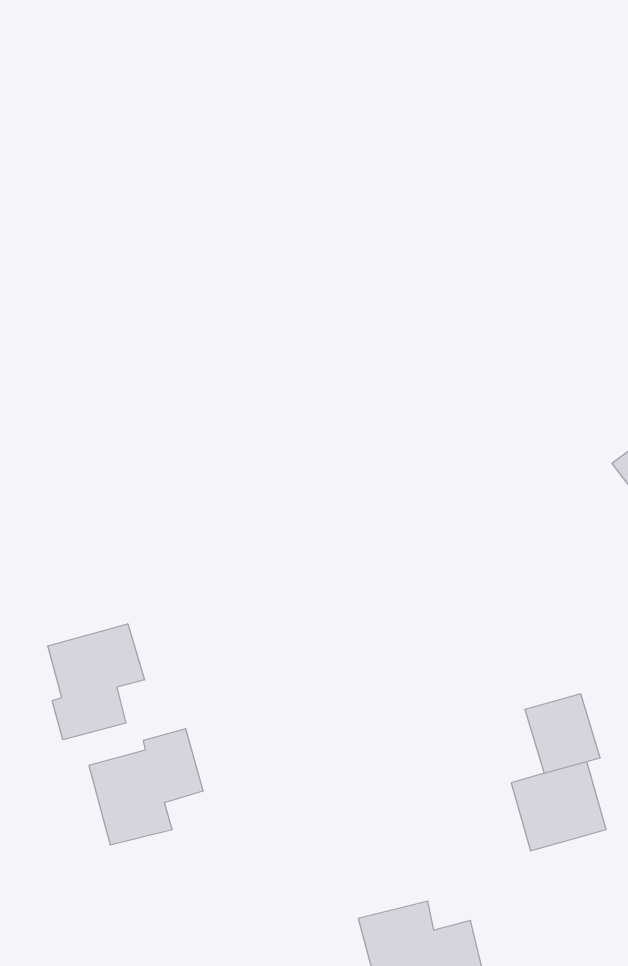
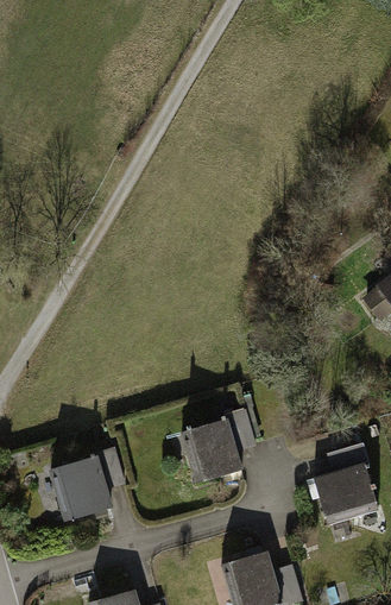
building: [48,624,145,740] -> none
building: none -> [187,415,257,486]

